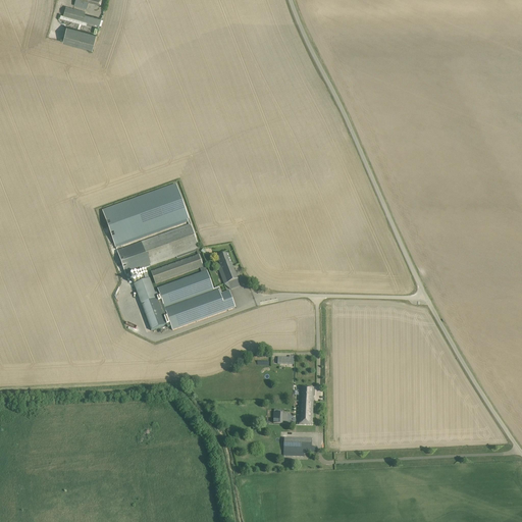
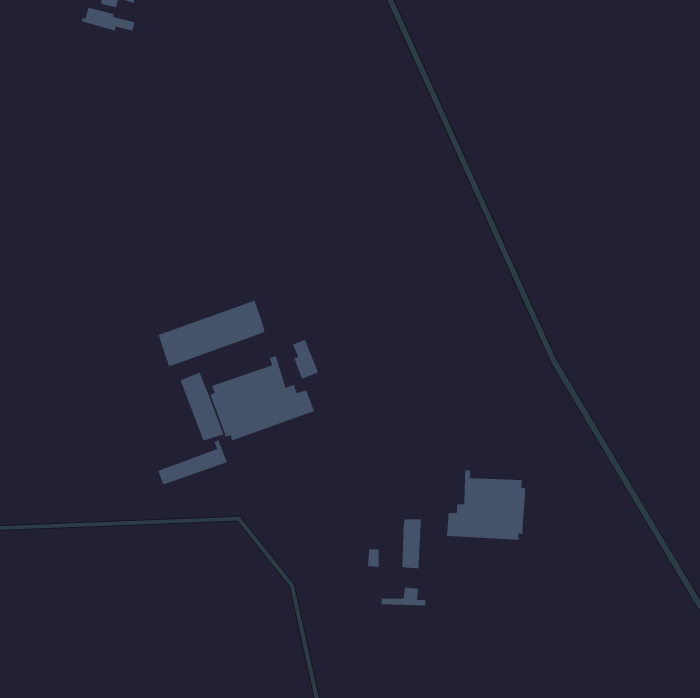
building: [62,24,96,48] -> none
building: [102,182,196,244] -> none
building: [152,247,205,281] -> [157,439,229,486]
building: none -> [446,467,526,540]

